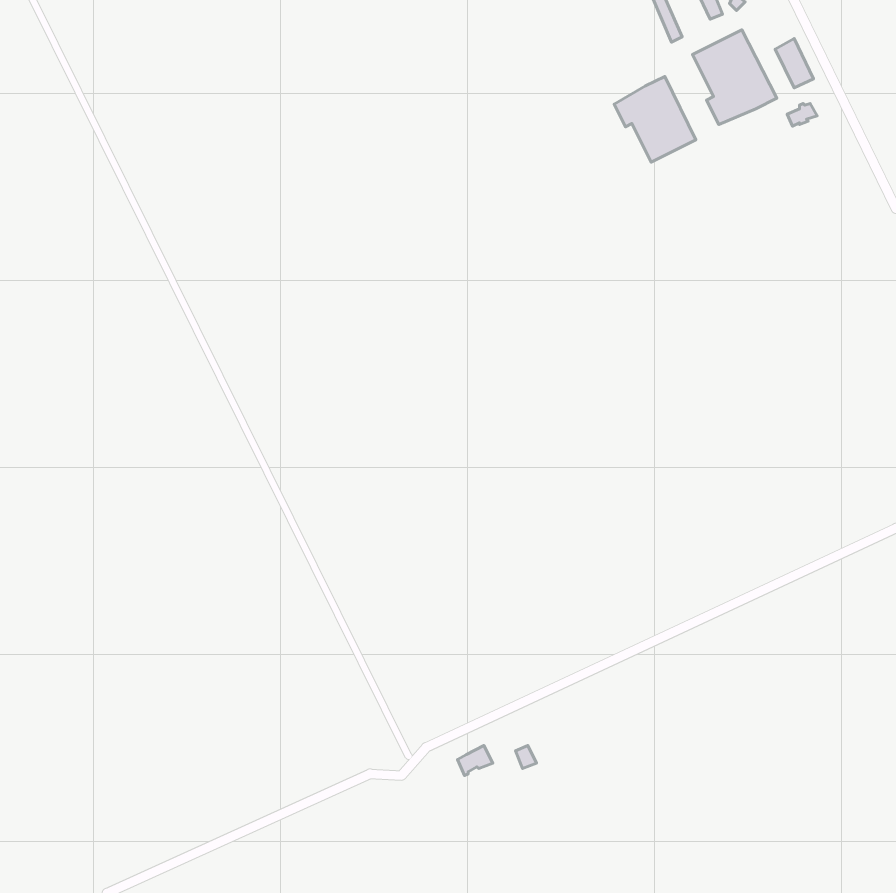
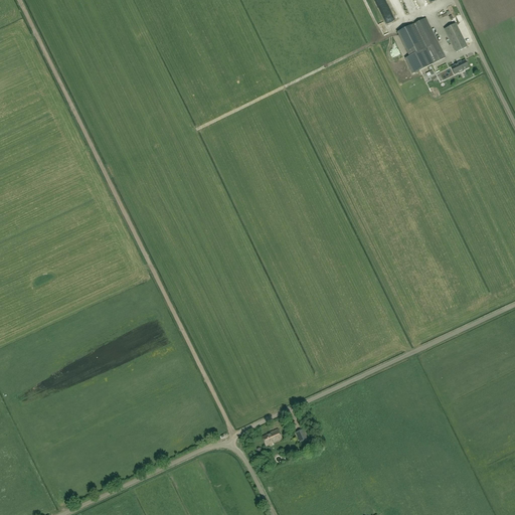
building: [614,76,696,162] -> none

